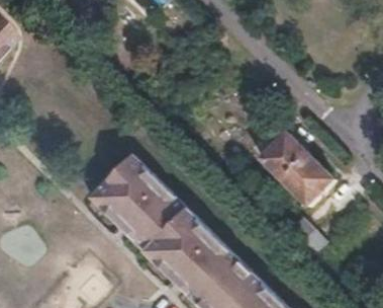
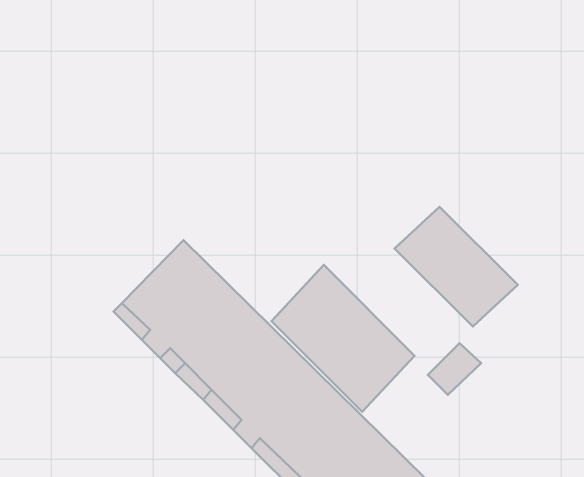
building: none -> [271,265,414,412]

